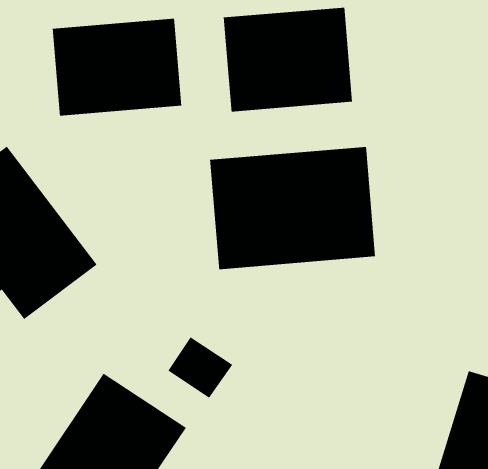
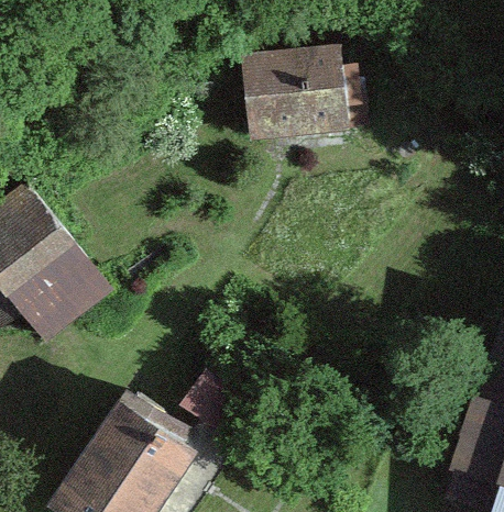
building: [52,18,182,116] -> none
building: [209,146,376,270] -> none

